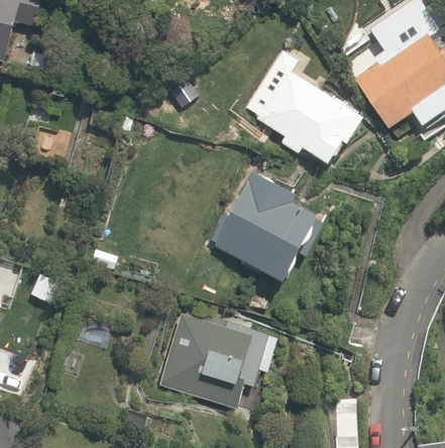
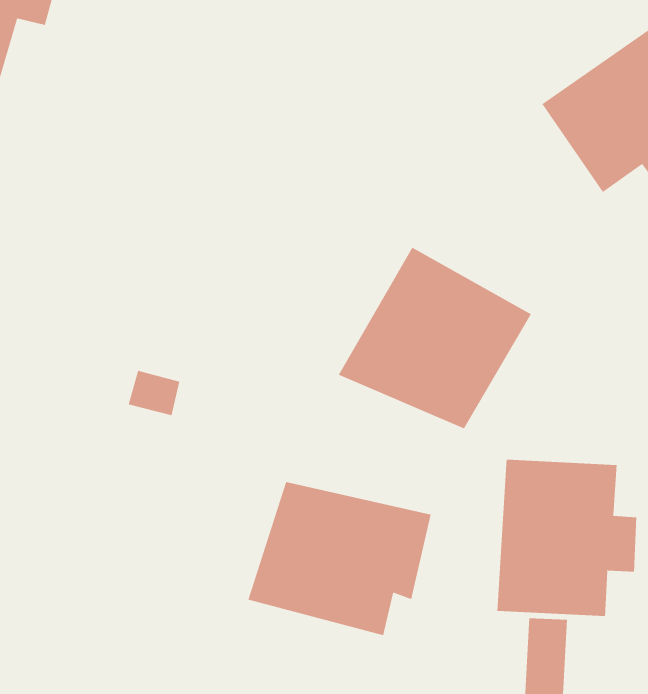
building: [235,50,353,166] -> none
building: none -> [497,459,637,617]

